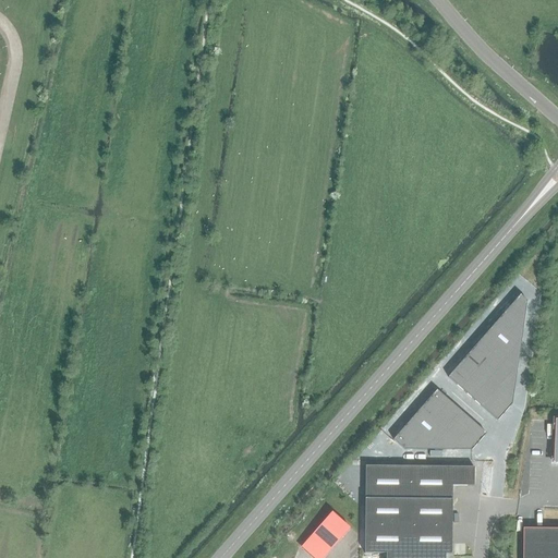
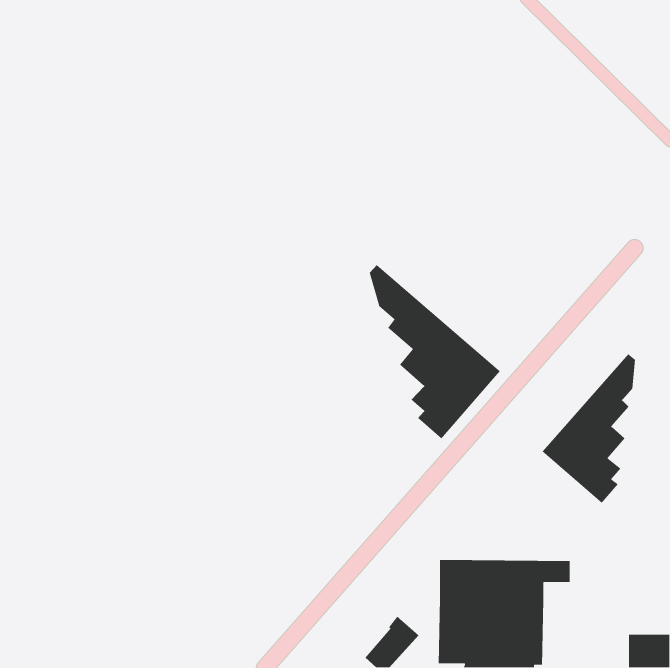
building: none -> [369,264,501,440]
building: [395,389,488,449] -> none

